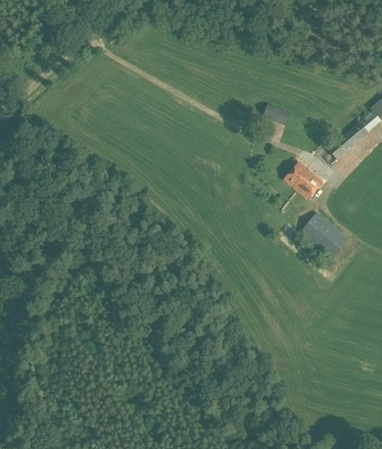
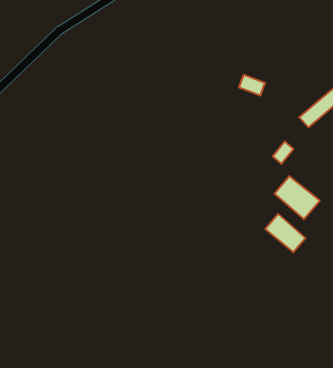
building: [284,161,312,190] -> none
building: none -> [265,214,306,252]

